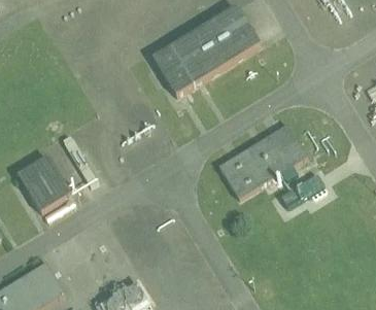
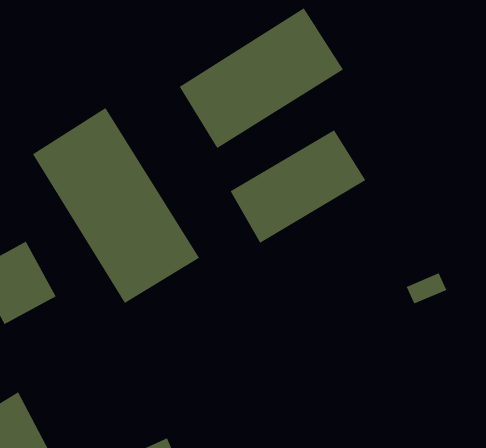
building: none -> [32,107,200,304]
building: [221,127,310,201] -> [230,129,366,244]

